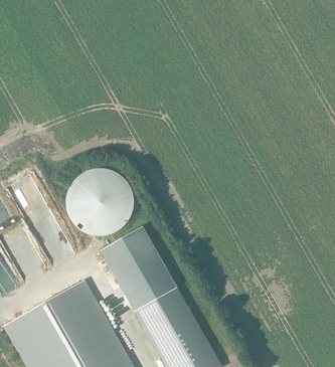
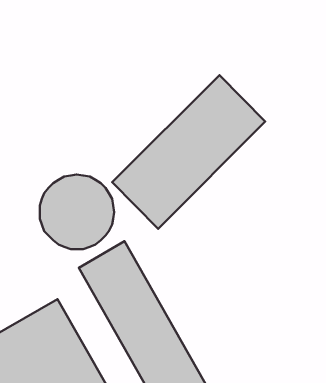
building: none -> [112,75,265,229]

